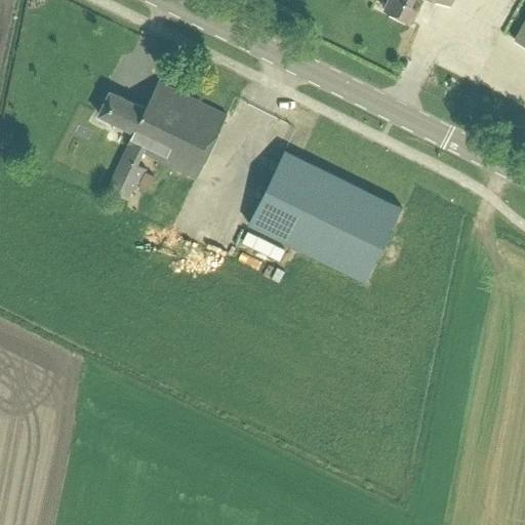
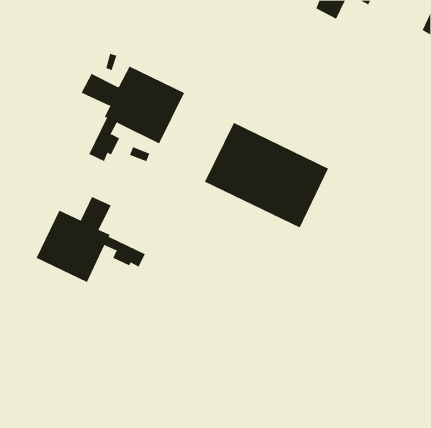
building: none -> [36,196,146,283]

